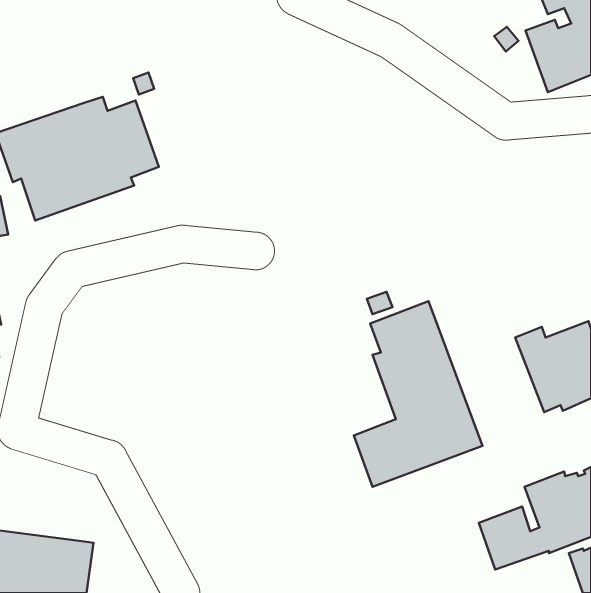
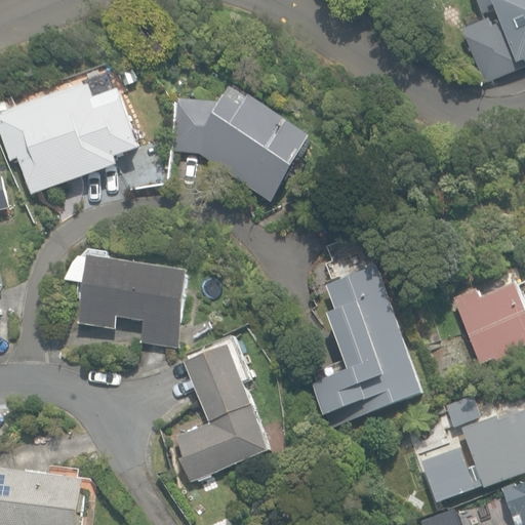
building: none -> [170,87,314,201]
building: none -> [66,255,188,345]
building: none -> [174,345,269,482]

